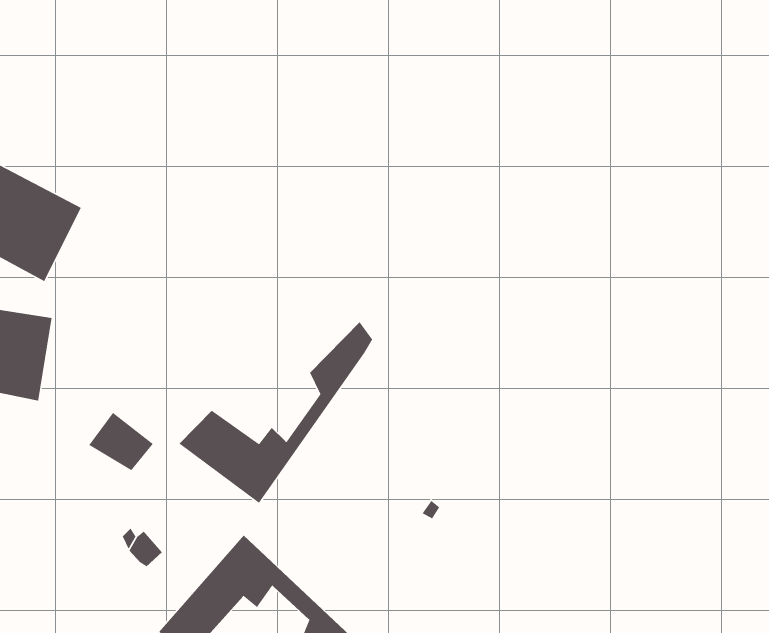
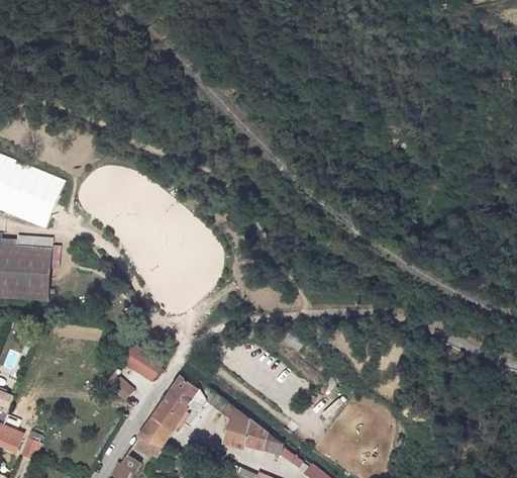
building: [178,321,373,504] -> none
building: [88,412,154,471] -> [123,346,164,381]

